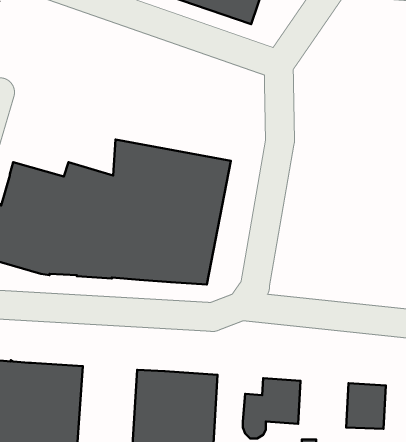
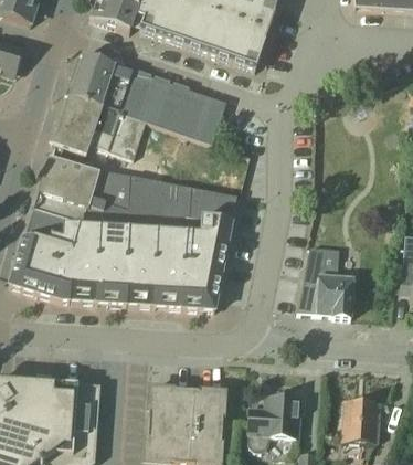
building: none -> [53,52,226,157]
building: none -> [36,155,131,209]
building: none -> [297,245,353,316]

